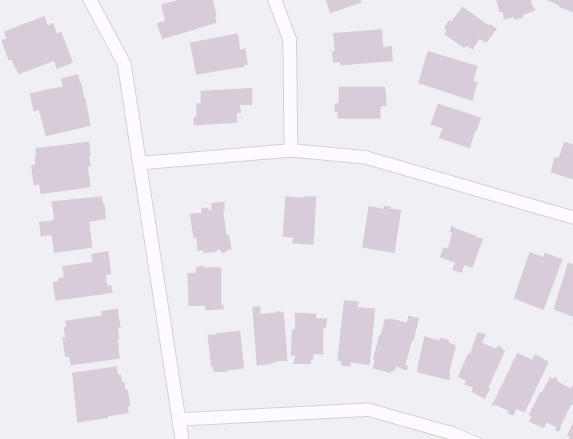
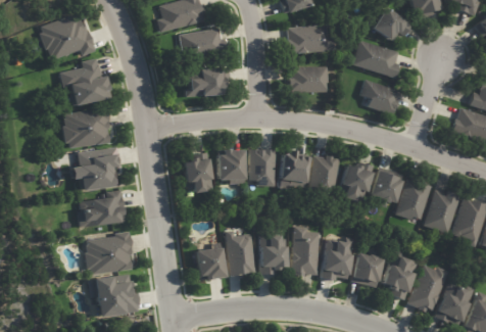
building: none -> [280,149,308,186]
building: none -> [339,162,373,201]
building: none -> [394,178,431,220]
building: [187,266,225,311] -> [216,149,245,183]

